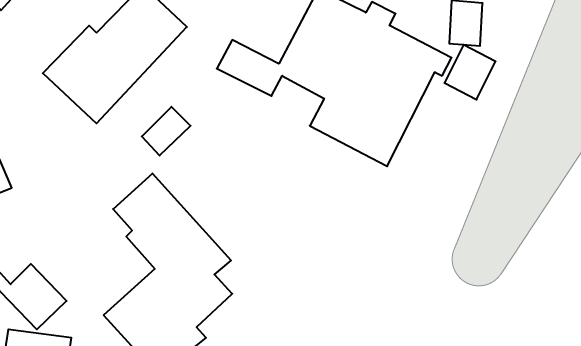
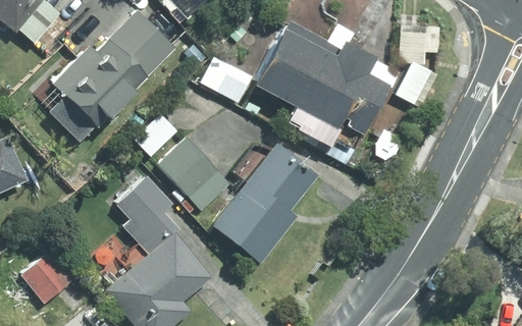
building: none -> [158,138,231,211]
building: none -> [208,144,316,266]

